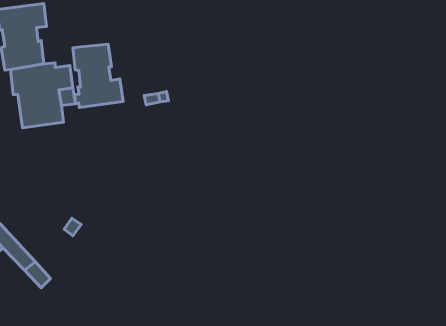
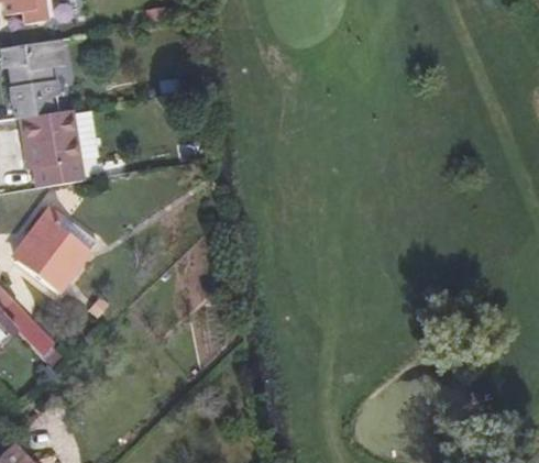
building: [73,44,123,107] -> none
building: none -> [15,207,89,289]

